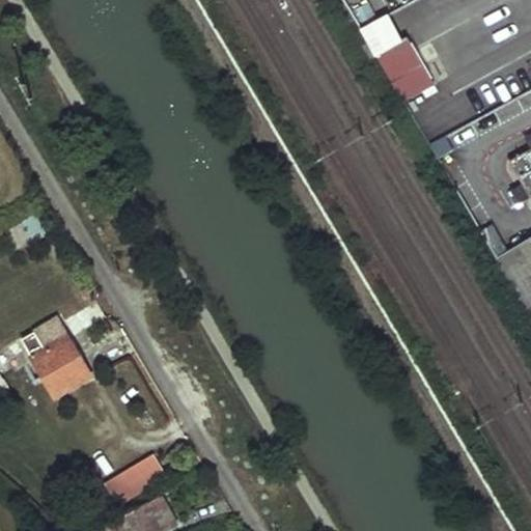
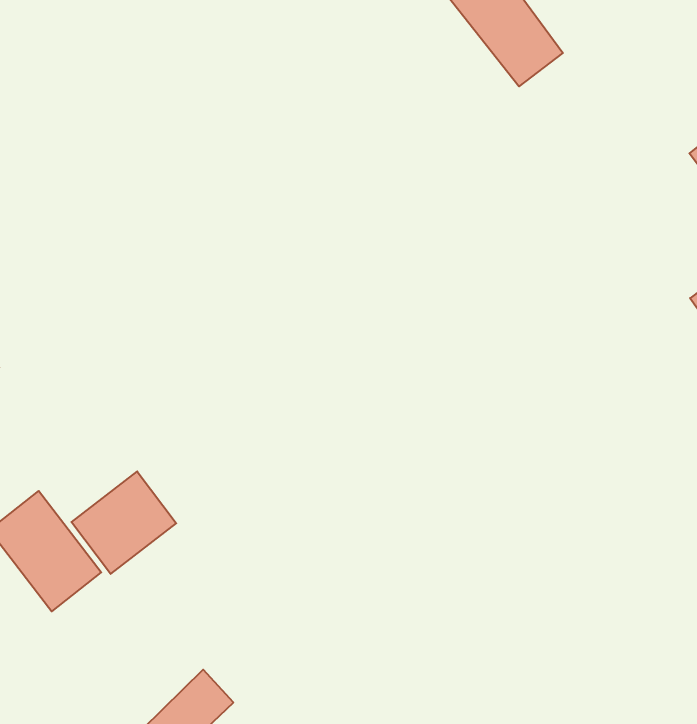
building: none -> [71,471,176,574]

